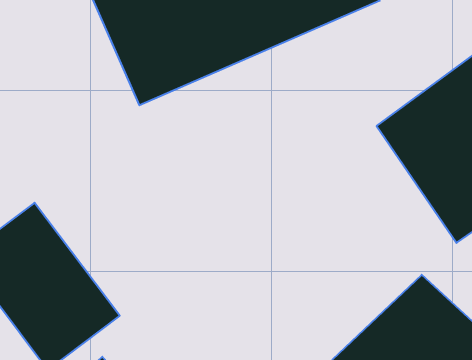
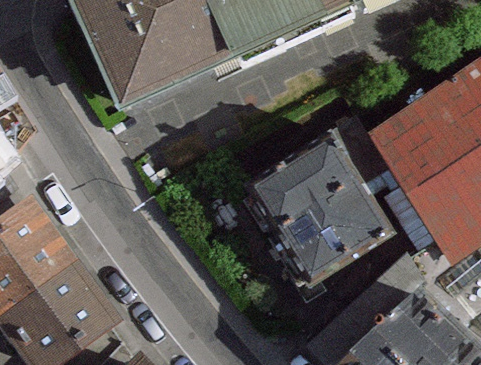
building: none -> [259,137,404,288]

